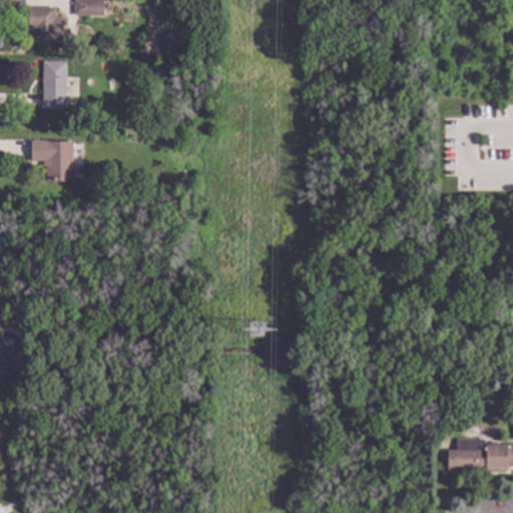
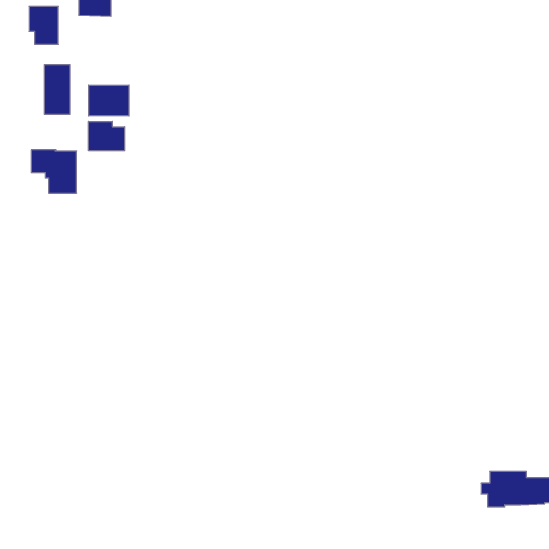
building: none -> [89,85,129,116]
building: none -> [89,121,125,151]

